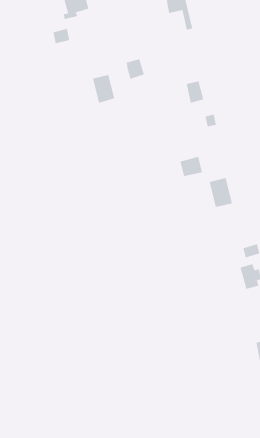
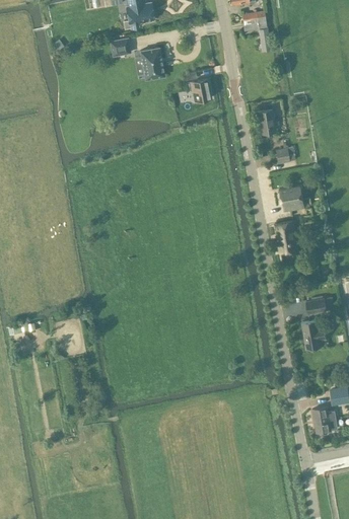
building: [92,74,115,104] -> [140,48,164,80]
building: [180,156,203,177] -> [279,186,304,208]

